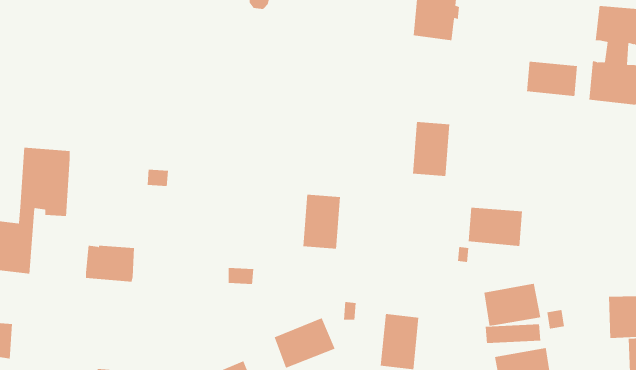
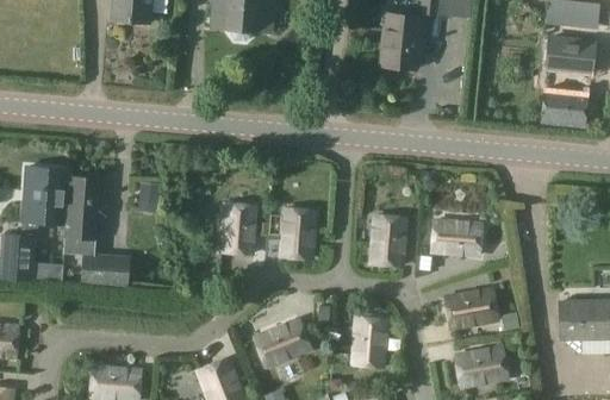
building: [527,61,577,97] -> none
building: [412,121,450,176] -> [371,214,405,264]
building: none -> [64,175,105,255]
building: none -> [222,202,256,252]

